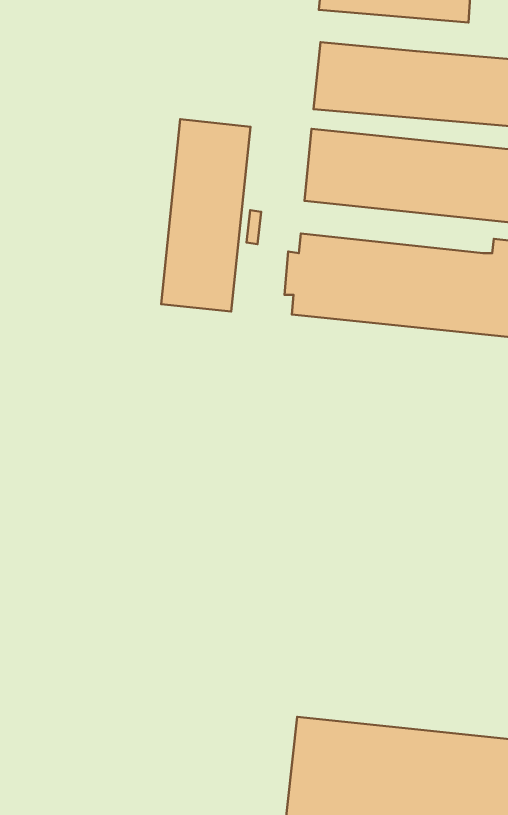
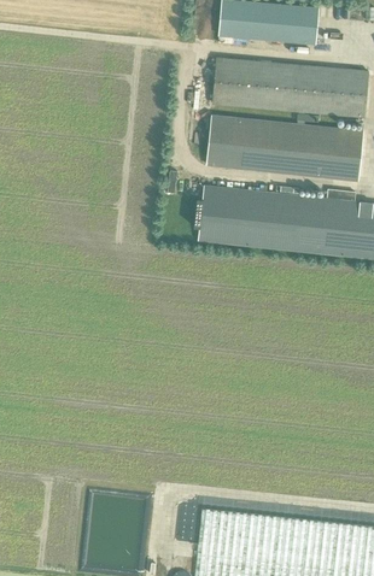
building: [161,119,250,312] -> none

